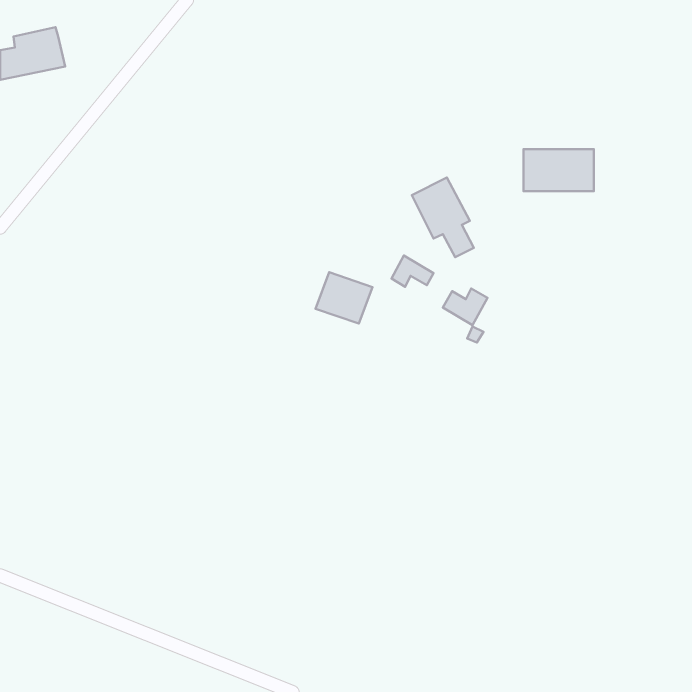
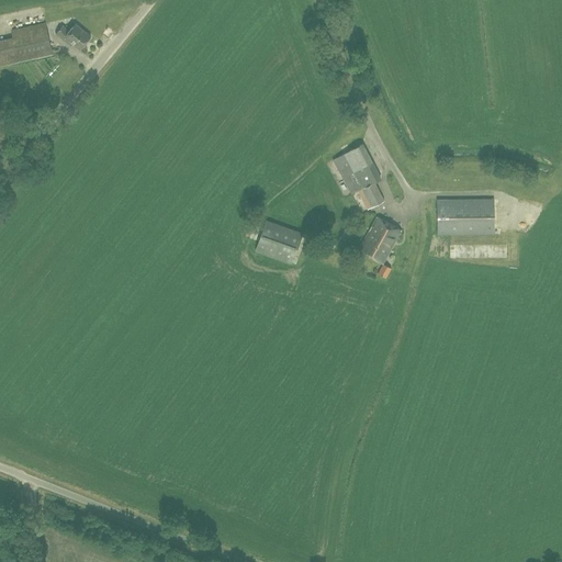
building: none -> [56,23,91,49]
building: [523,149,594,191] -> [437,200,494,234]
building: [392,256,434,287] -> [367,217,401,243]

